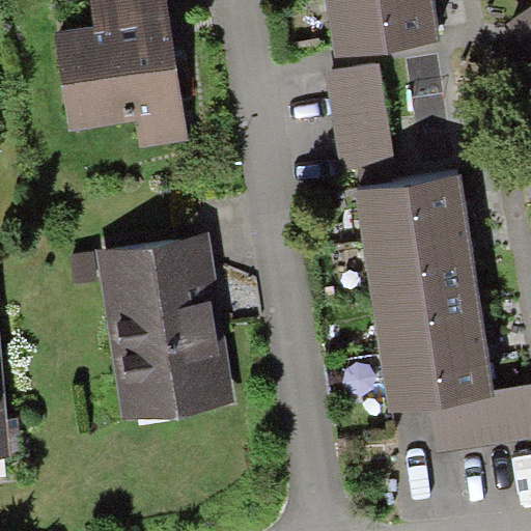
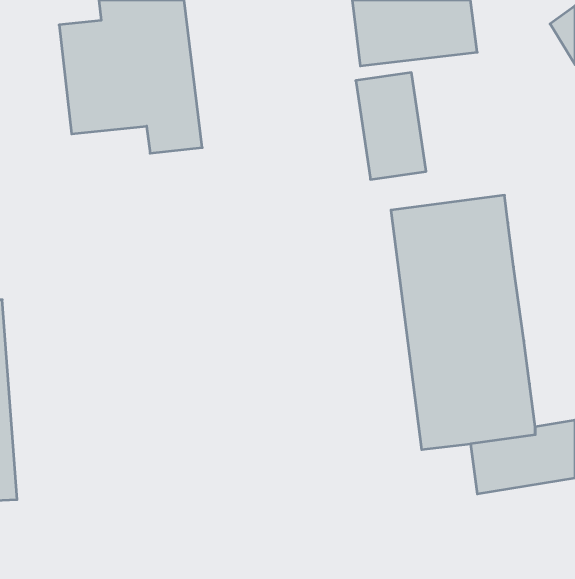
building: [94,225,237,415] -> none

